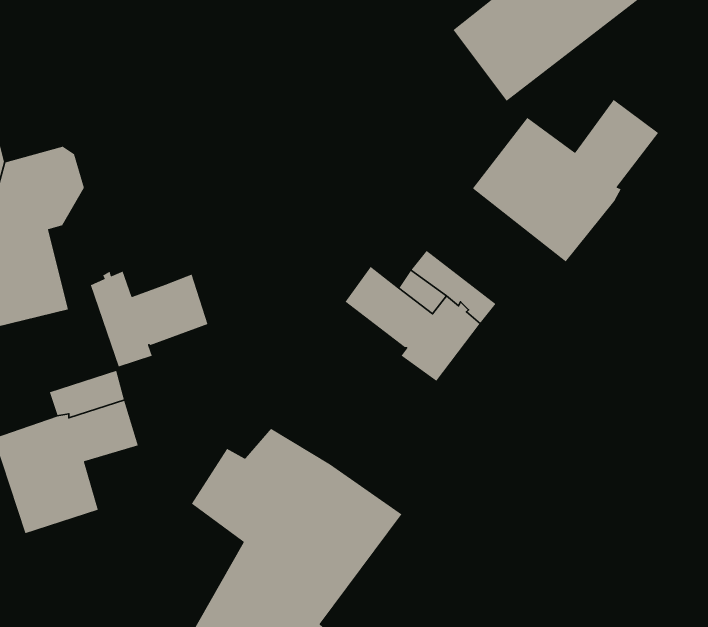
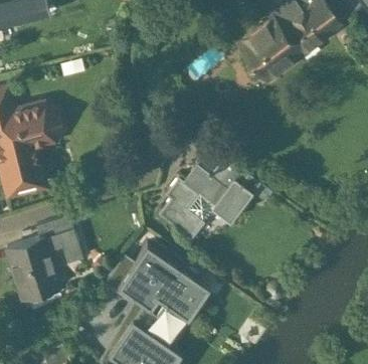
building: [472,99,659,263] -> none
building: [90,270,208,367] -> none
building: none -> [158,179,213,242]

